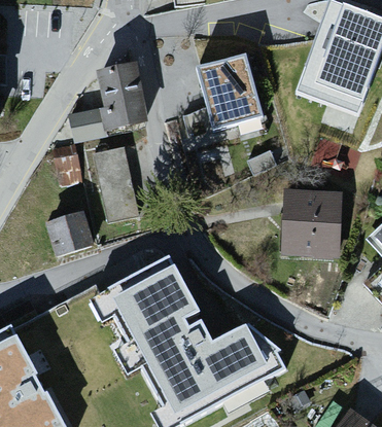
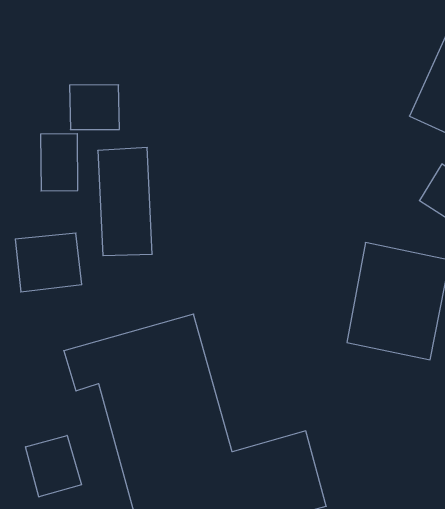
building: [197,51,258,129] -> none
building: [97,63,146,129] -> none
building: none -> [26,435,81,497]

